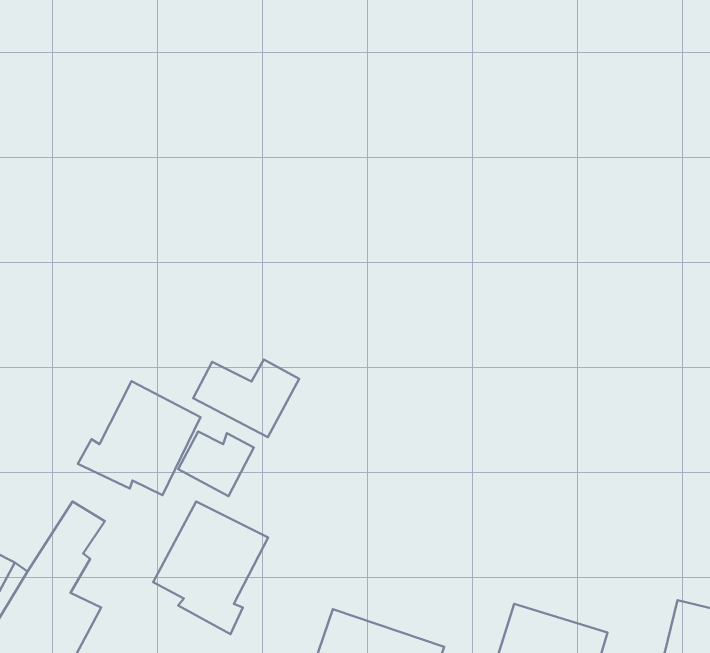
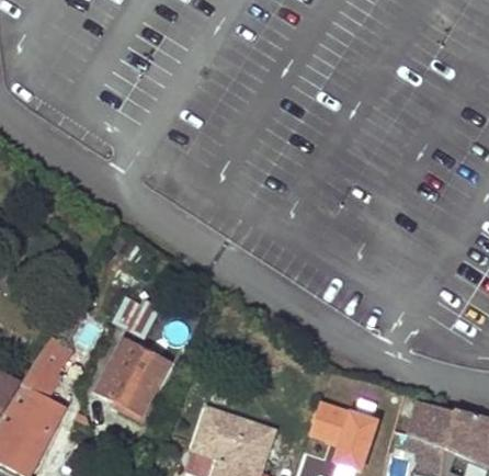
building: [193,359,299,437] -> none
building: [78,381,201,495] -> none

